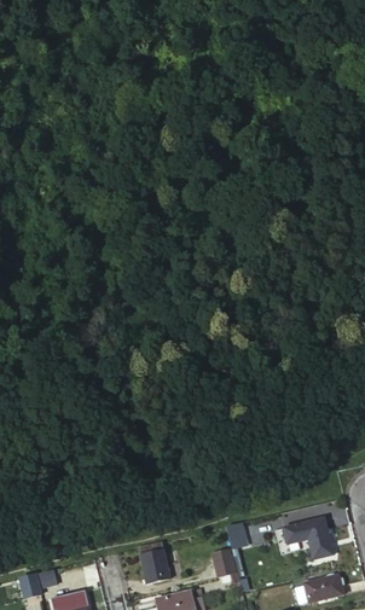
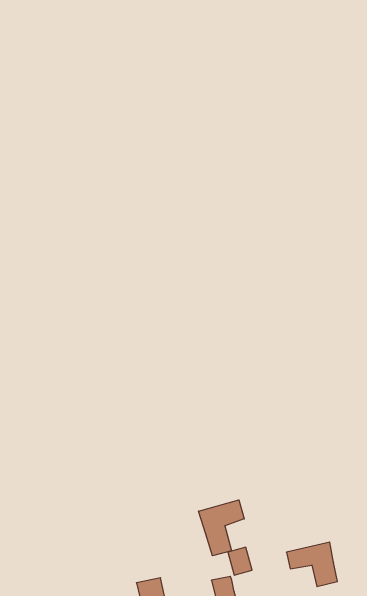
building: none -> [199,500,244,556]

